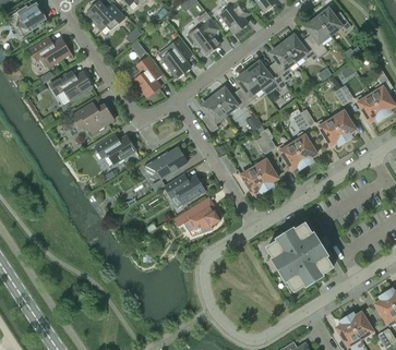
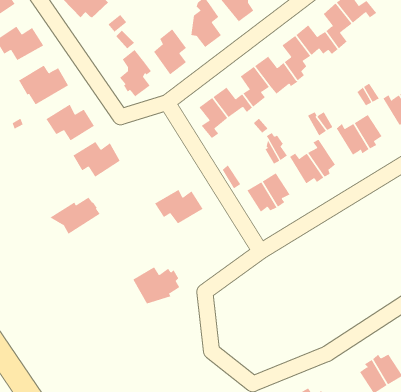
building: [143,147,188,179] -> [47,197,101,235]
building: [180,203,220,234] -> [132,267,180,304]
building: [266,222,333,291] -> none

